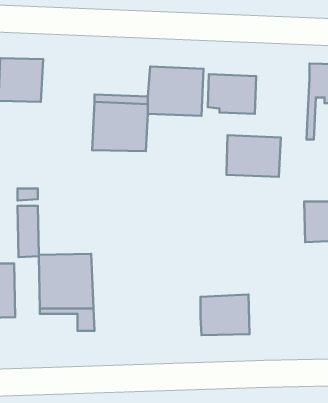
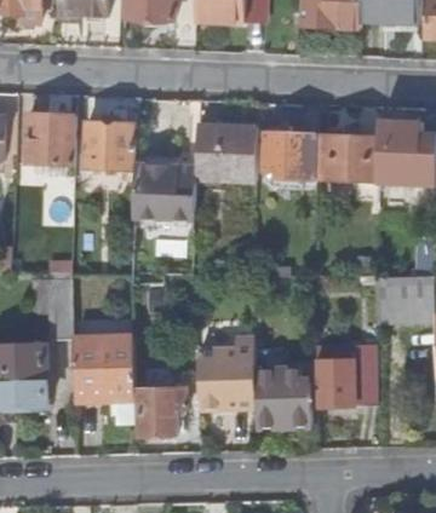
building: none -> [85,115,133,169]
building: [226,135,281,177] -> [317,134,379,181]
building: none -> [196,338,256,408]
building: none -> [315,344,377,407]
building: none -> [138,371,185,434]

